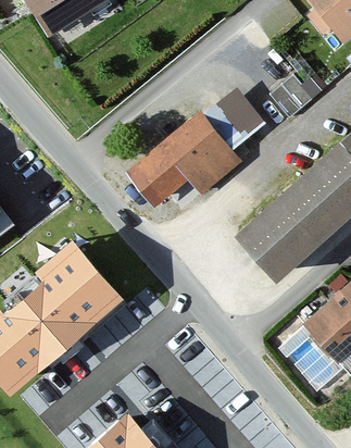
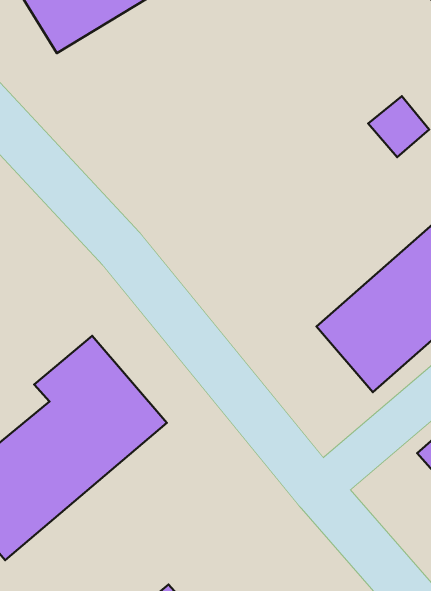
building: [130,84,280,208] -> none

